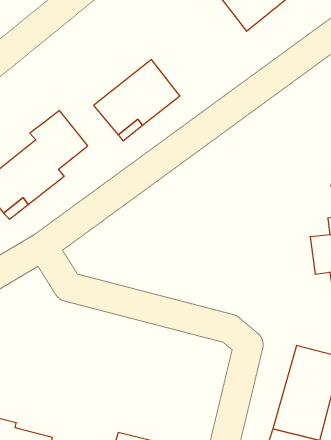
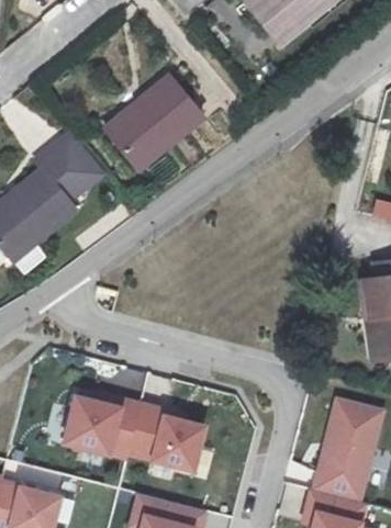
building: none -> [64,396,204,471]

